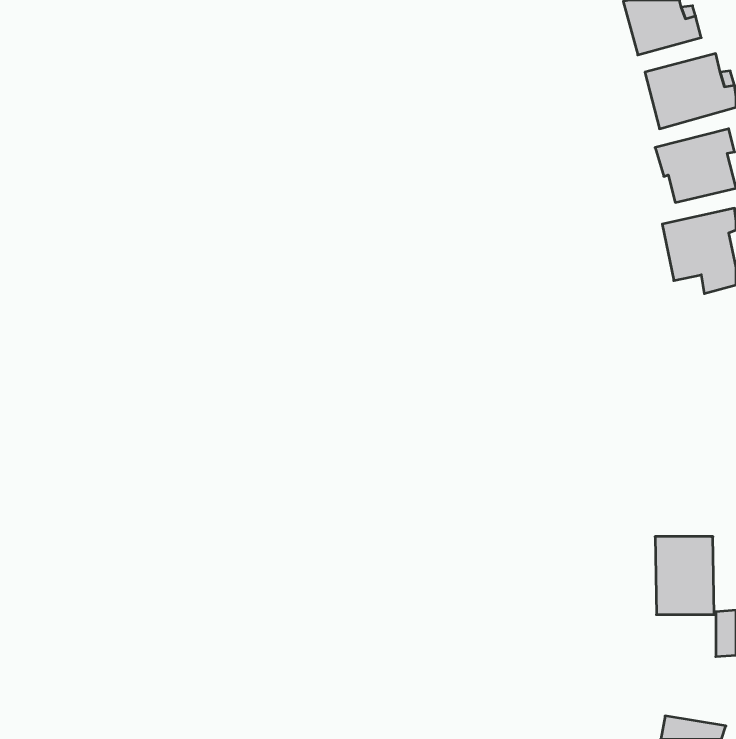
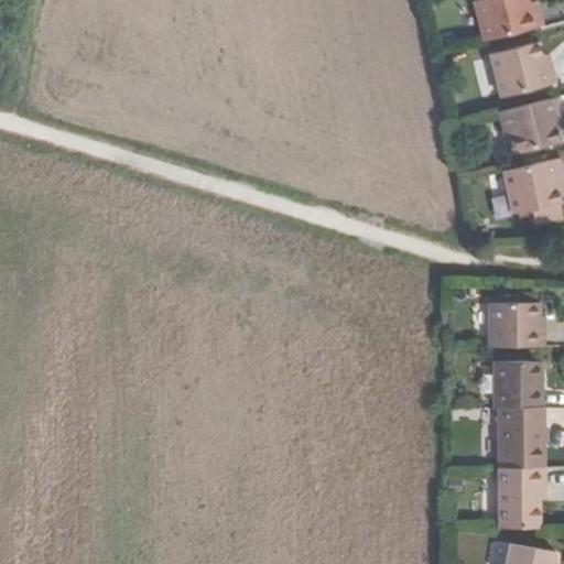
building: none -> [489,304,543,348]
building: none -> [494,362,542,409]
building: none -> [498,468,539,529]

